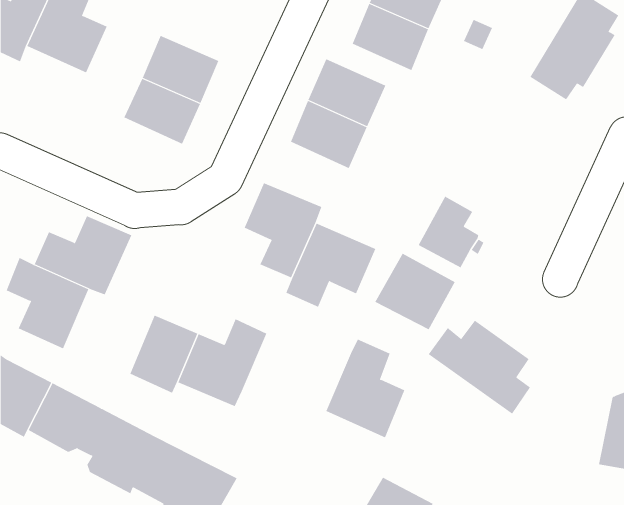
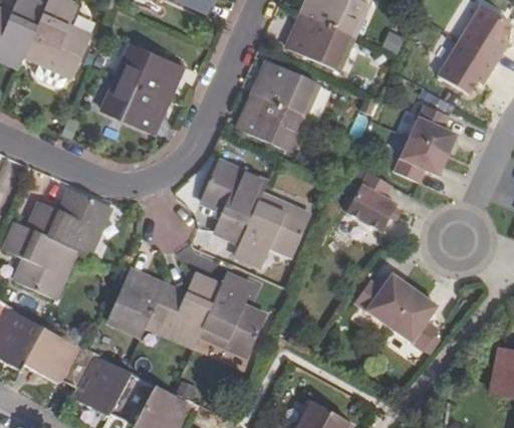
building: none -> [393,106,455,184]
building: [375,253,456,330] -> none
building: [325,339,405,438] -> [201,274,266,356]

